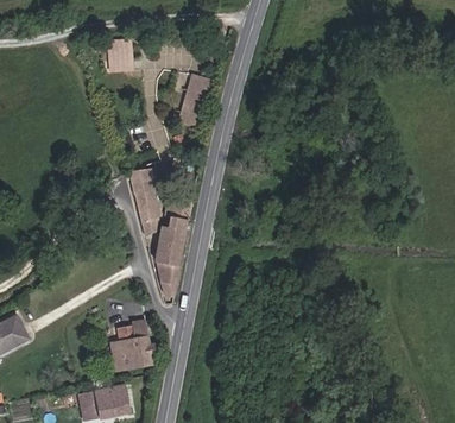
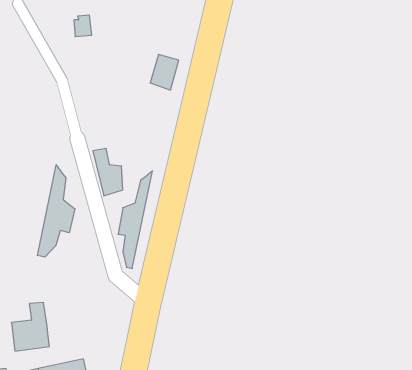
building: none -> [37,165,75,257]
building: [113,315,151,364] -> [11,302,49,351]

